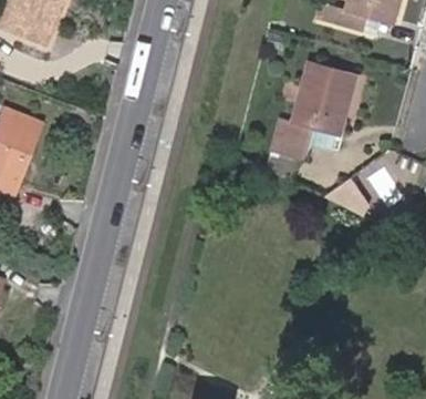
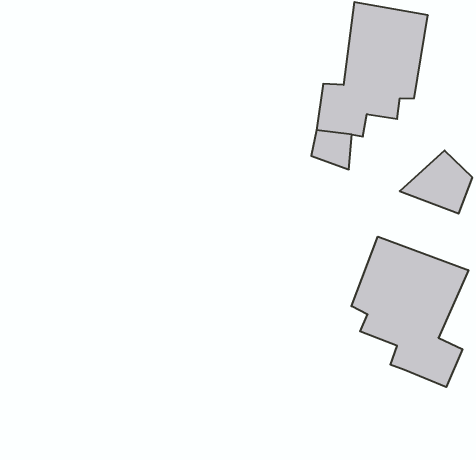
building: none -> [351,237,468,387]

